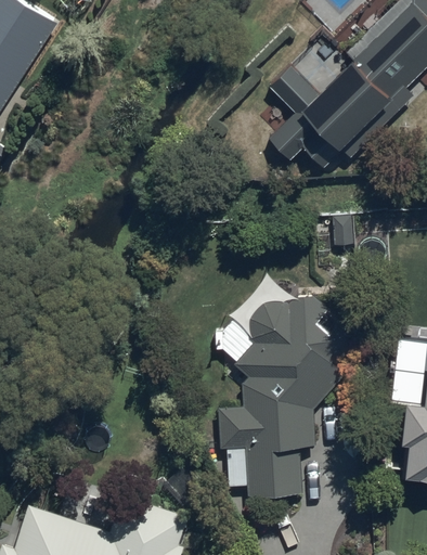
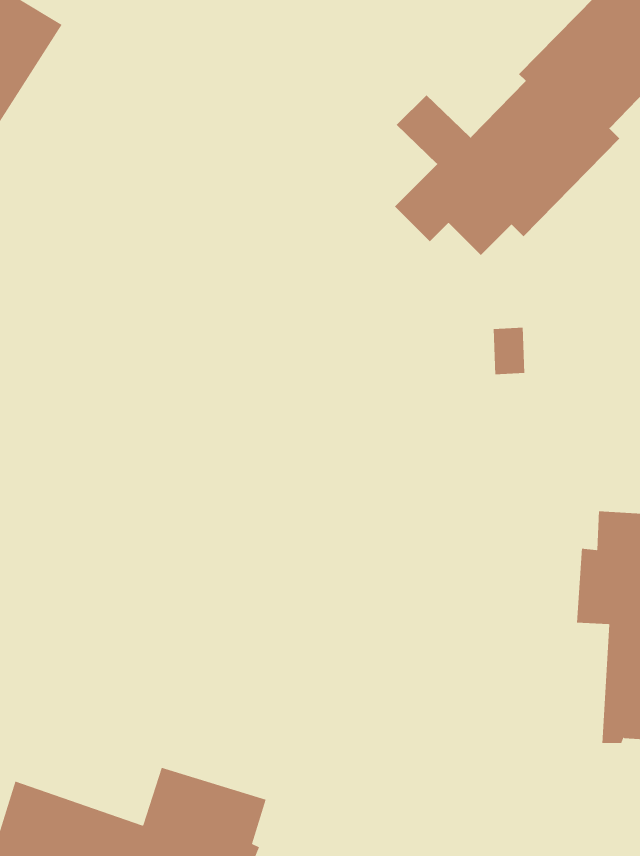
building: [219,297,349,495] -> none

